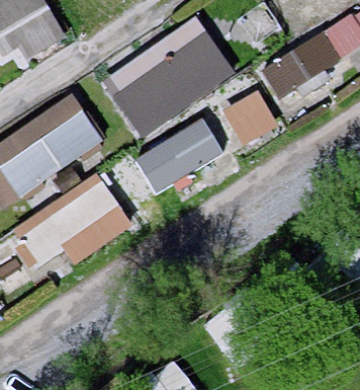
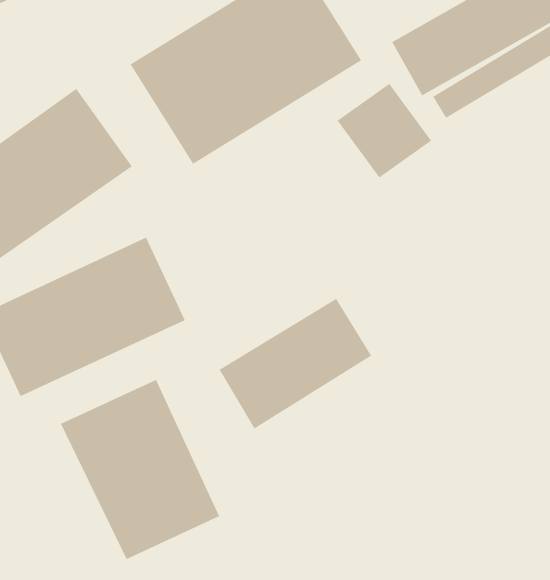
building: [133,118,224,196] -> [218,298,372,429]
building: none -> [60,379,220,560]

